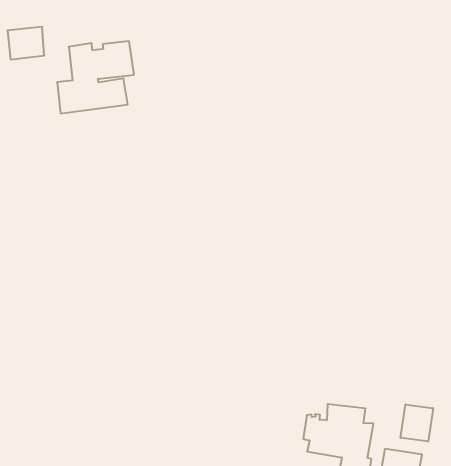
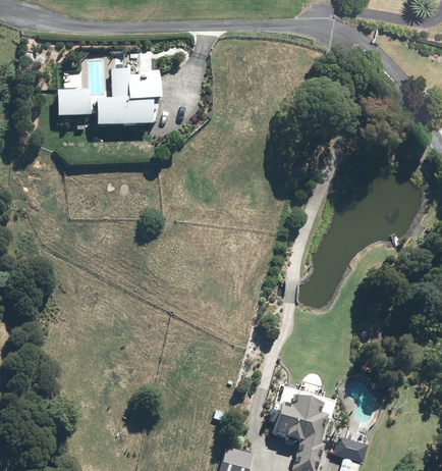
building: [7,27,44,59] -> [56,90,86,114]
building: [401,404,433,442] -> none

